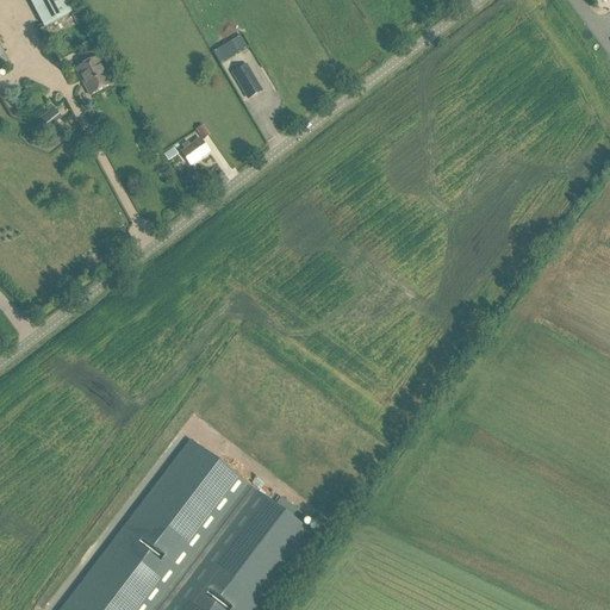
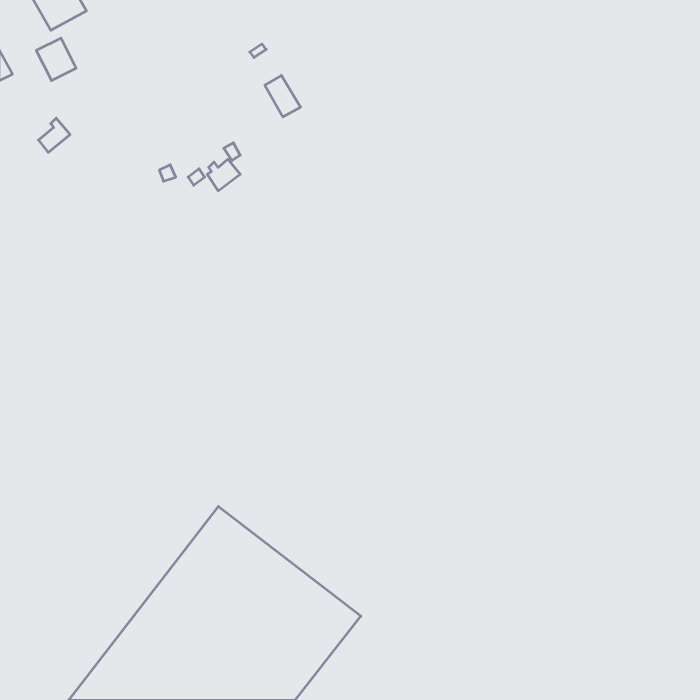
building: [75,57,110,94] -> [36,38,76,81]

